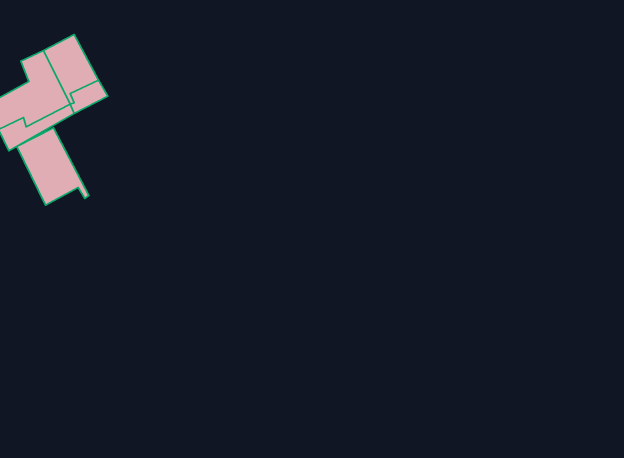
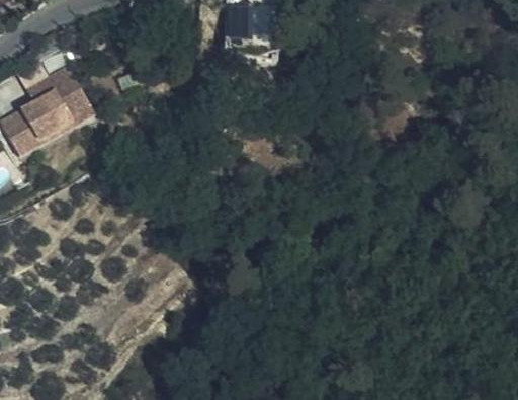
building: [17,128,89,205] -> none

